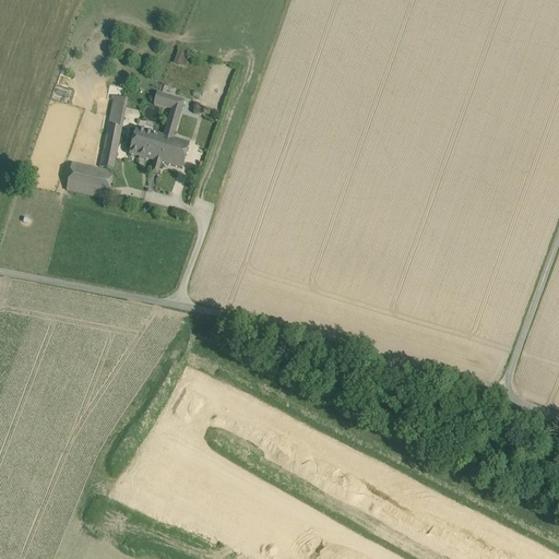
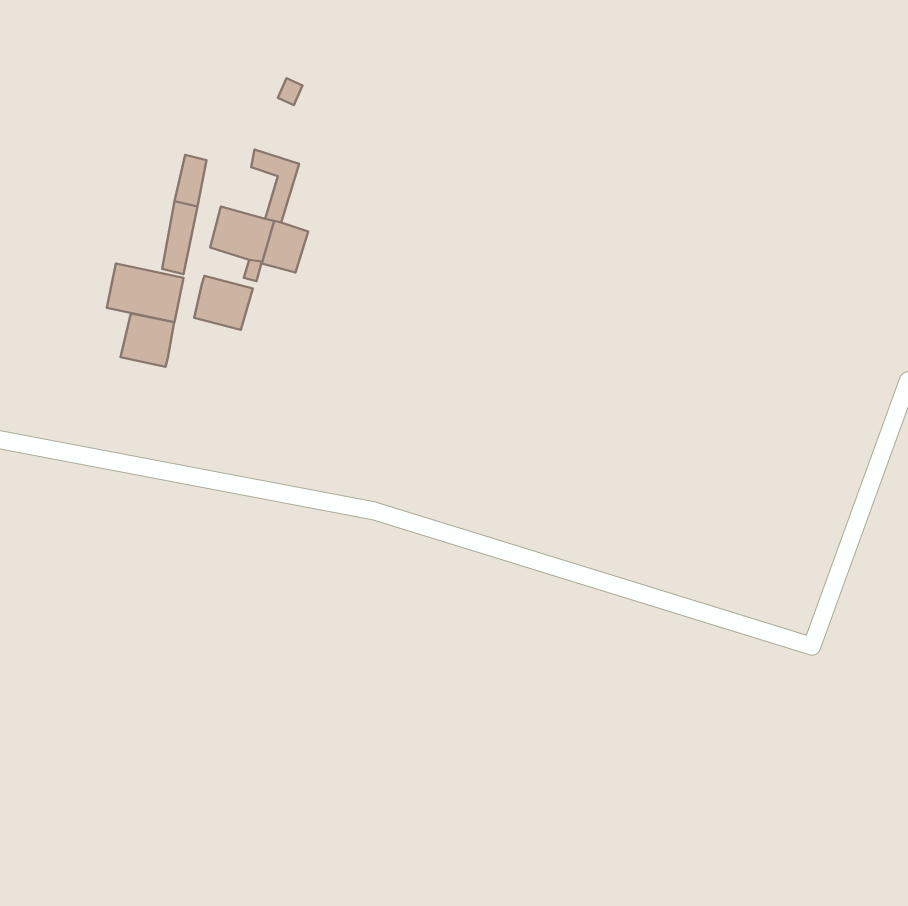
building: none -> [194,276,253,330]
building: none -> [121,314,174,367]

